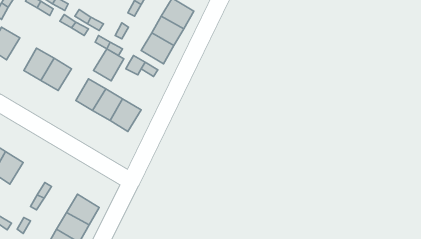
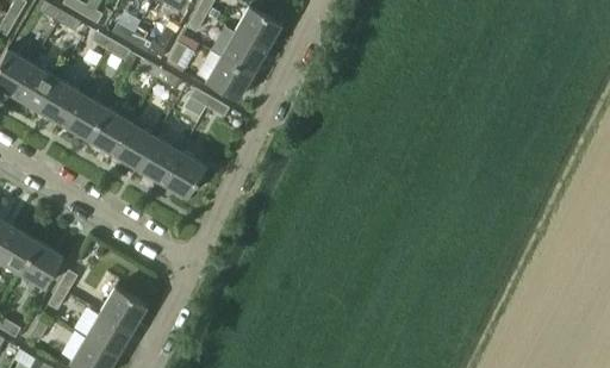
building: none -> [13,64,56,111]
building: [94,49,124,81] -> [87,108,130,154]
building: none -> [18,242,62,288]

